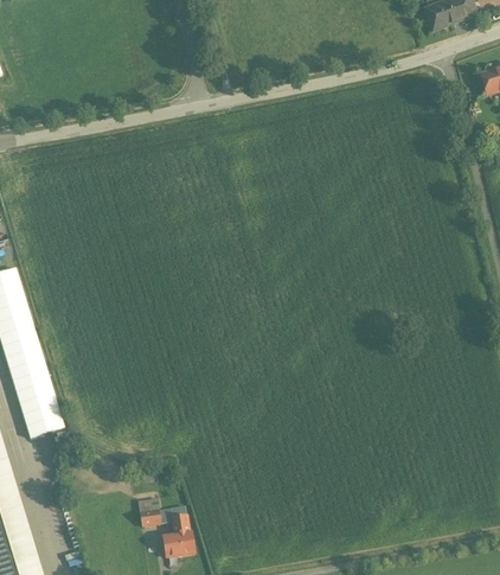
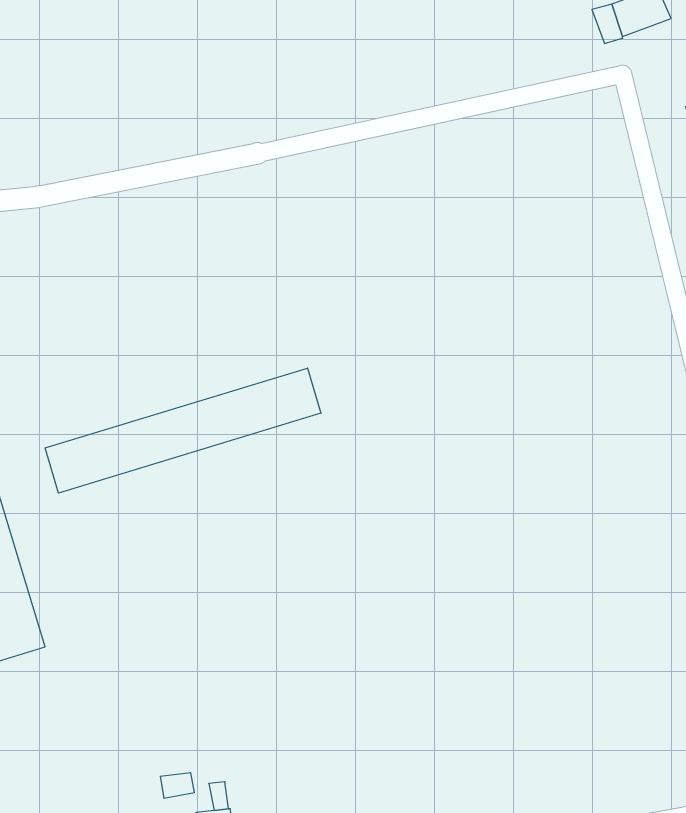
building: none -> [45,368,321,493]

